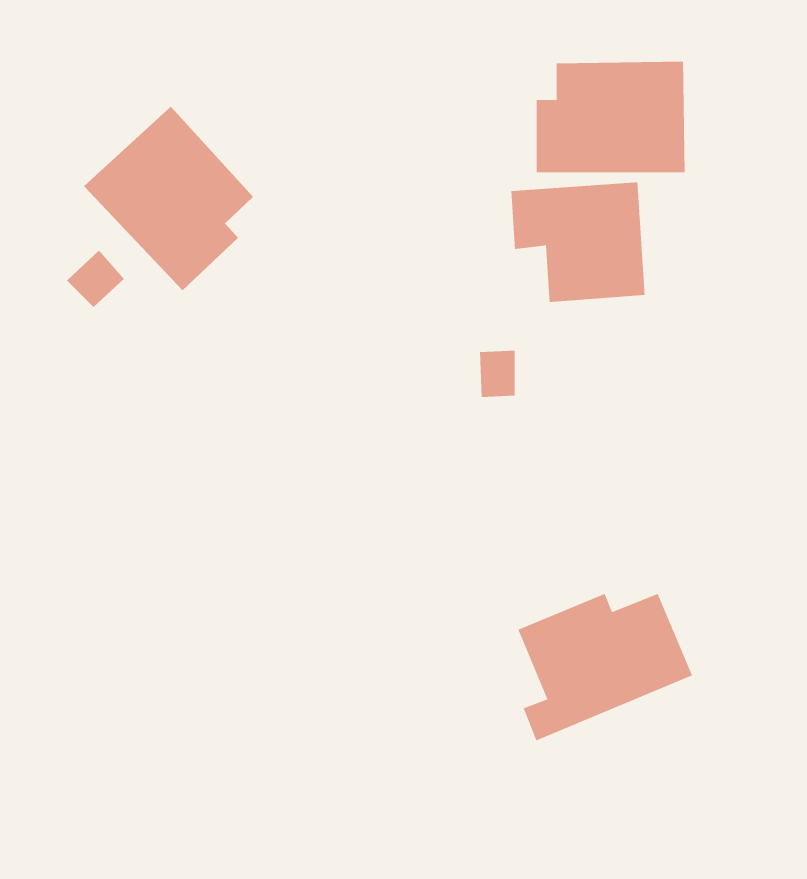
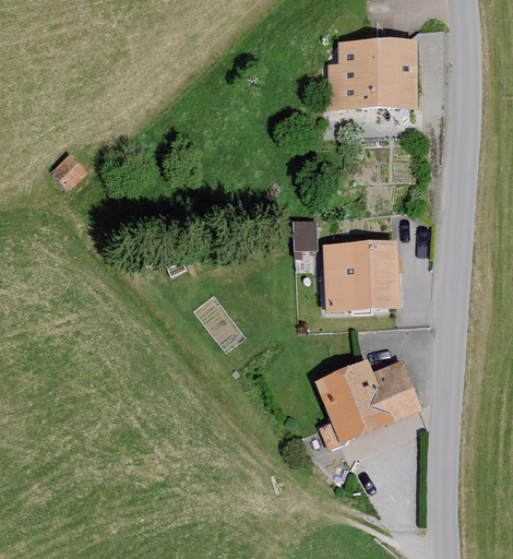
building: [83,106,254,291] -> none
building: [510,182,646,302] -> [321,239,402,311]

